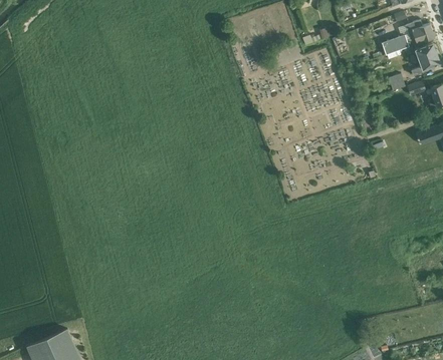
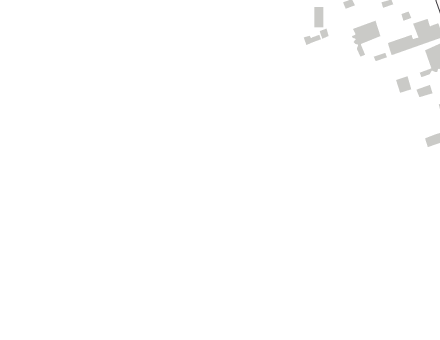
building: none -> [351,20,381,57]

